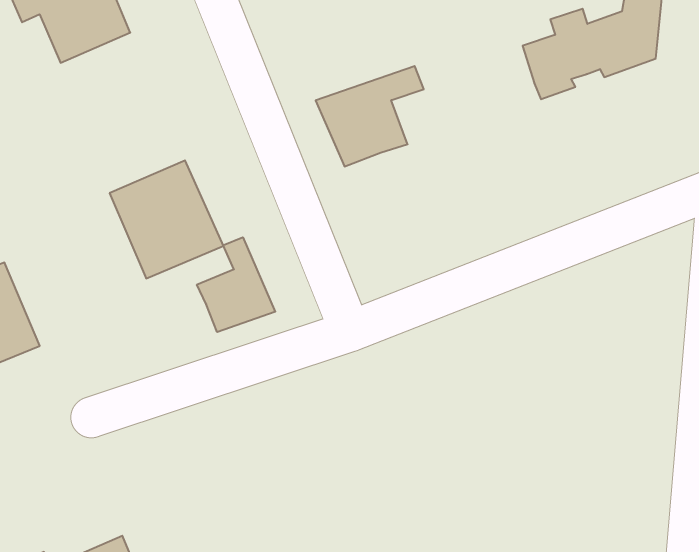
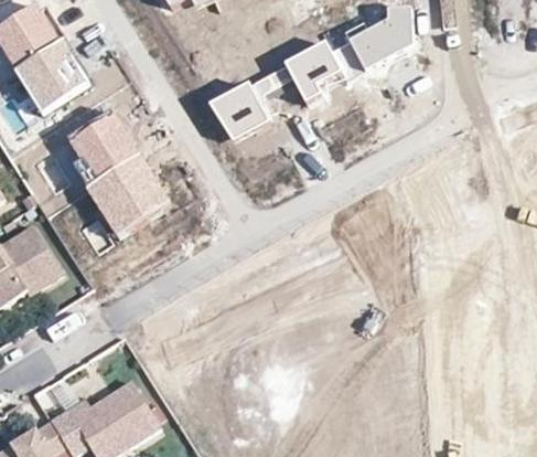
building: none -> [266,39,341,100]
building: none -> [64,107,135,179]
building: [197,237,275,332] -> none

